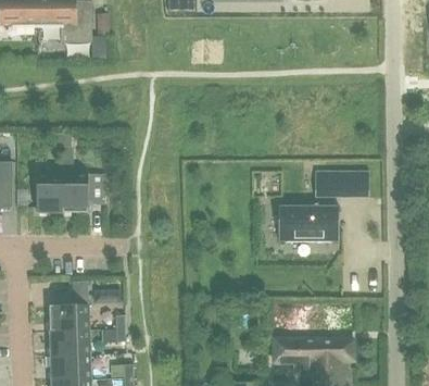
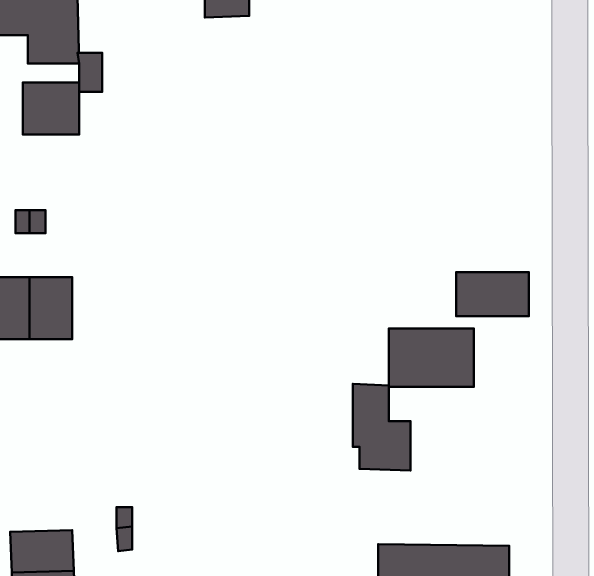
building: none -> [23,83,79,135]
building: none -> [353,384,410,471]
building: [49,302,88,329] -> none

